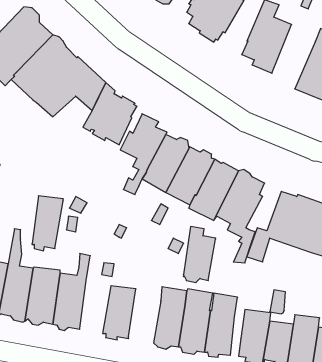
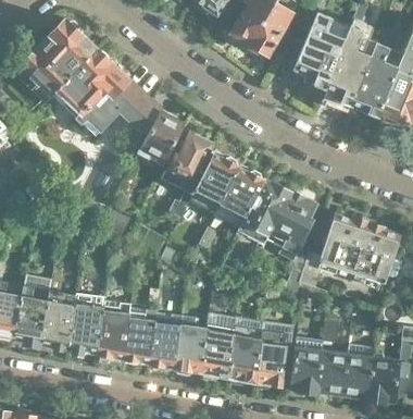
building: none -> [325,25,371,106]
building: [32,196,63,251] -> [124,307,157,365]
building: [183,227,216,283] -> [175,316,209,374]

